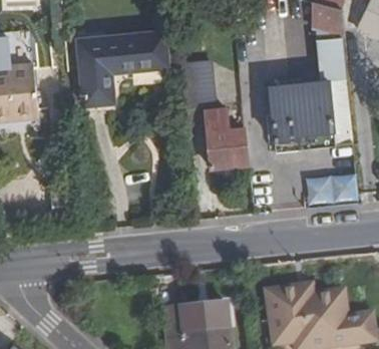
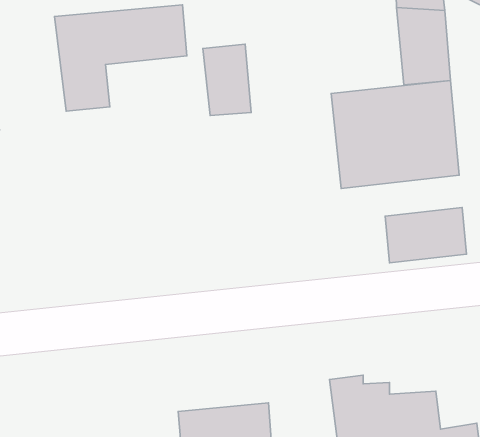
building: [206,107,247,167] -> none

